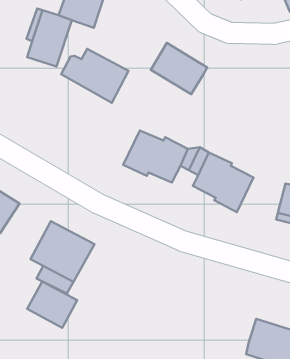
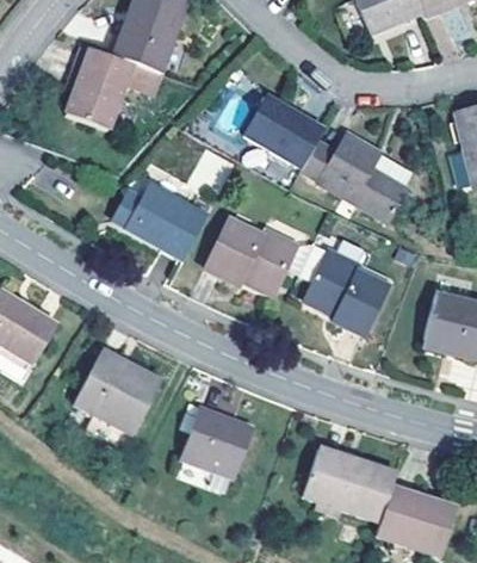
building: [61,49,129,103] -> [111,184,206,260]
building: none -> [298,132,413,219]
building: none -> [182,407,250,472]
building: [27,281,77,328] -> none
building: none -> [302,446,397,520]

